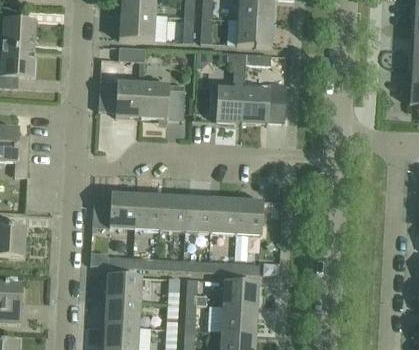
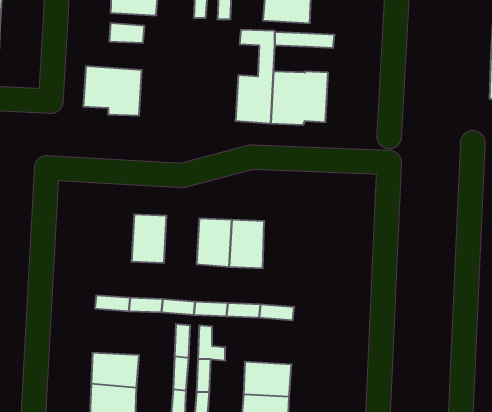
building: [141,81,185,119] -> none
building: [92,191,137,228] -> none
building: [160,193,187,230] -> none
building: [236,197,263,234] -> none
building: [105,273,142,300] -> none
building: [222,279,259,307] -> none

